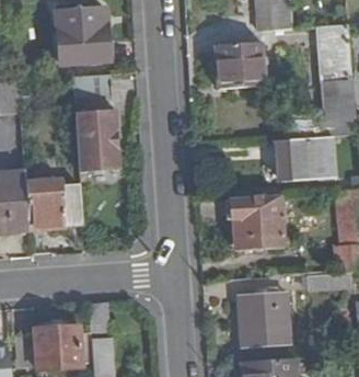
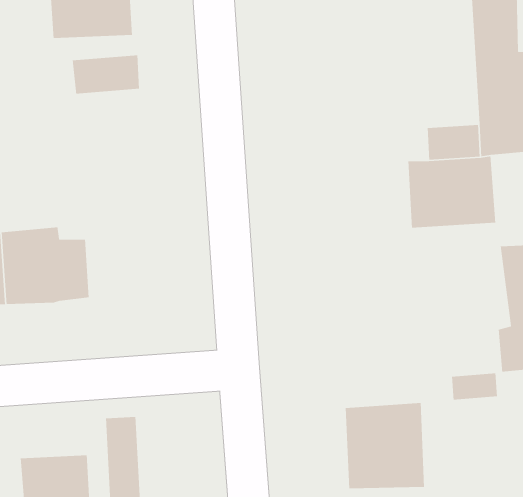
building: [219,43,266,88] -> none
building: [72,108,120,172] -> none
building: [231,194,285,248] -> none

